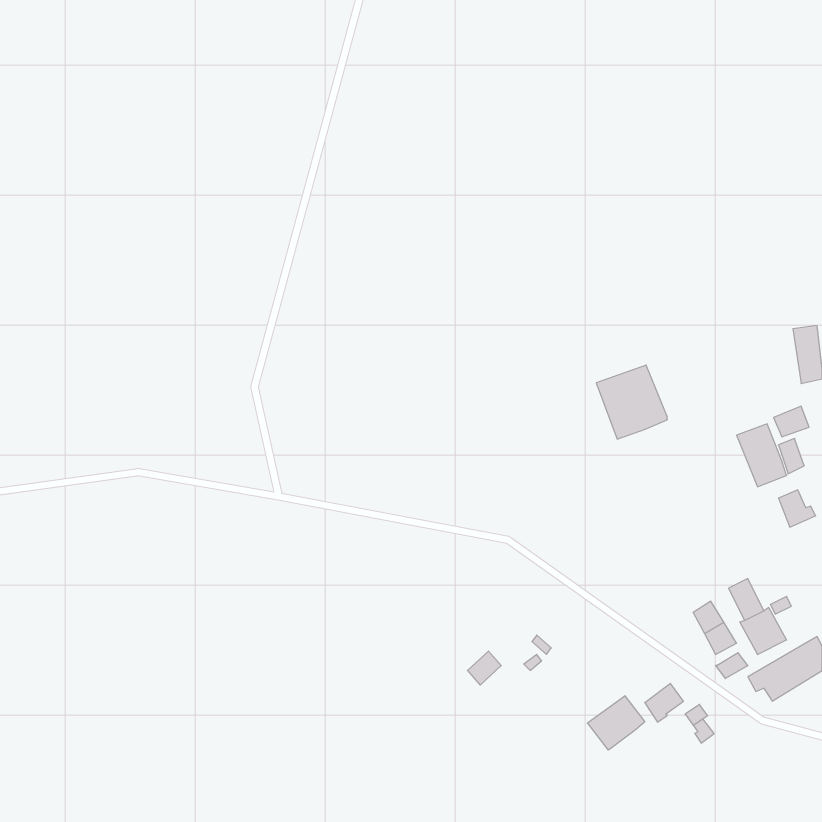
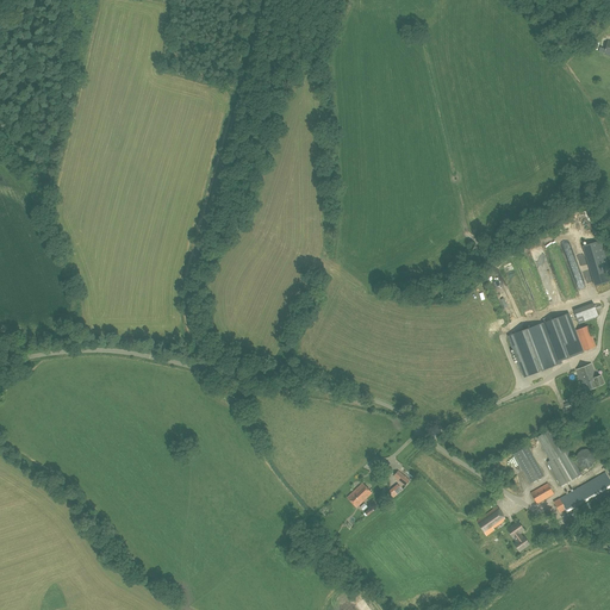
building: [596,365,667,439] -> [508,322,560,376]
building: [587,696,645,750] -> none

